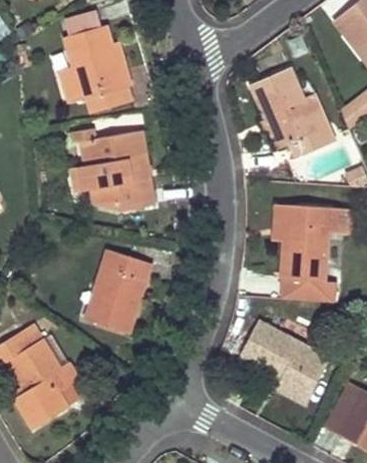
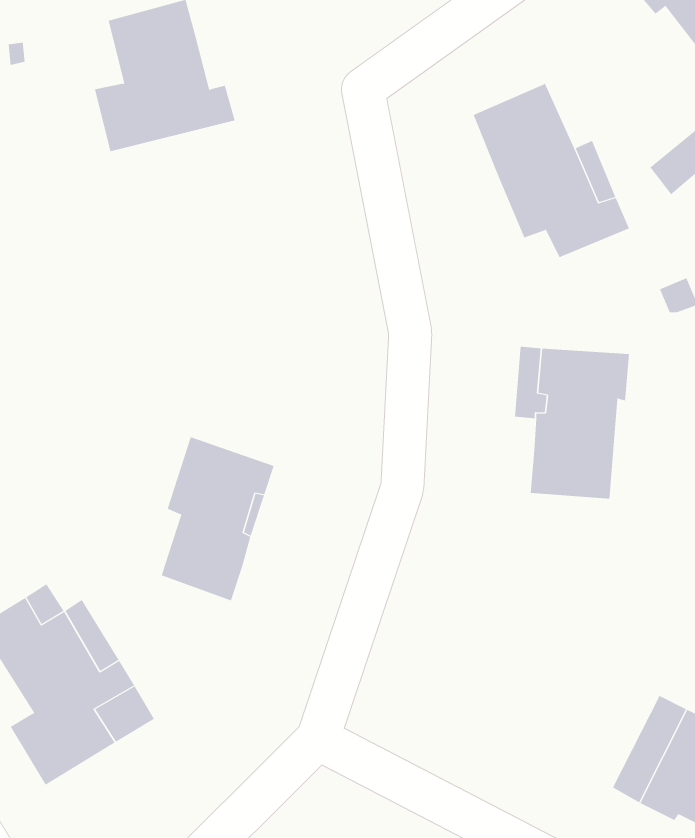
building: [79,130,153,210] -> none
building: [280,278,336,303] -> none
building: [239,319,329,401] -> none

